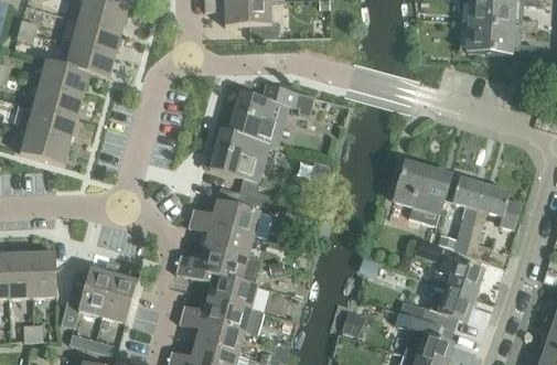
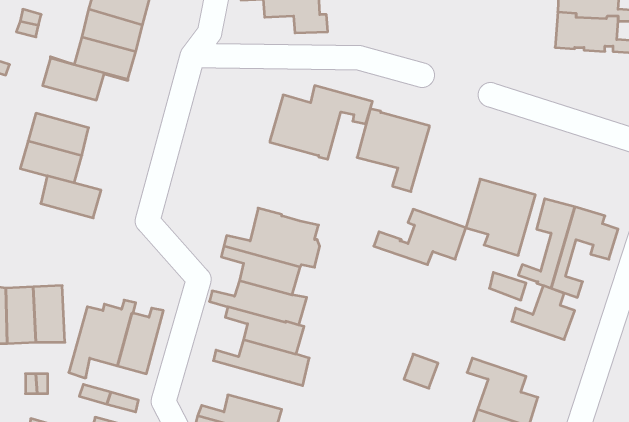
building: [32,83,83,118] -> [41,176,101,218]
building: [208,127,269,196] -> [357,109,429,192]
building: [398,280,475,326] -> [374,209,466,265]
building: [179,313,245,354] -> none

